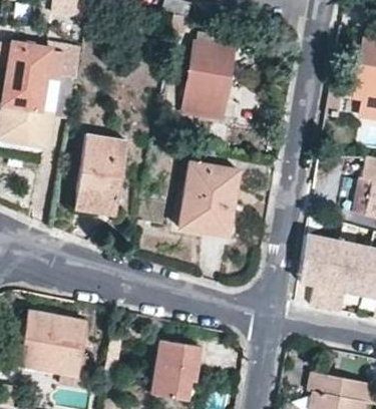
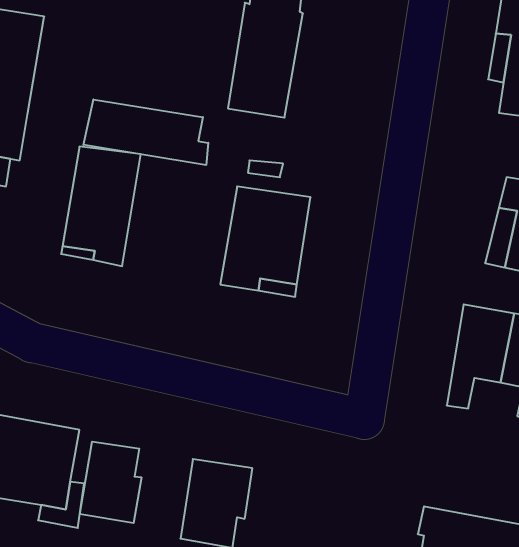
building: none -> [83,99,208,165]
building: [299,234,339,306] -> none
building: none -> [80,442,141,523]

